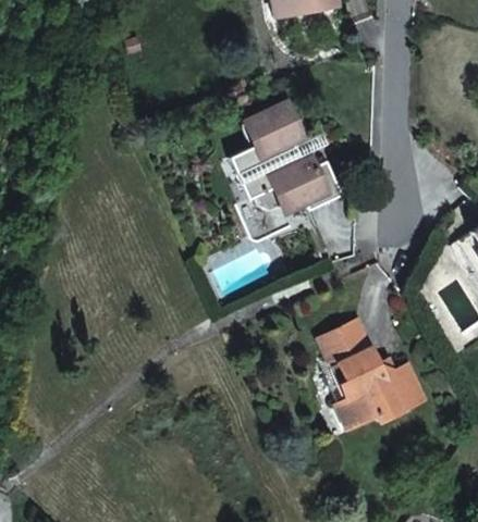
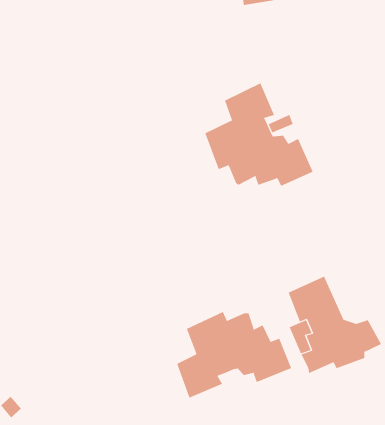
building: none -> [176,311,292,399]

